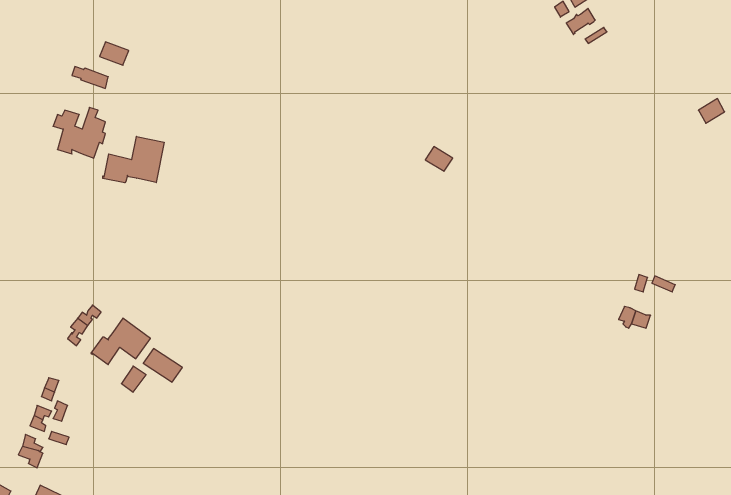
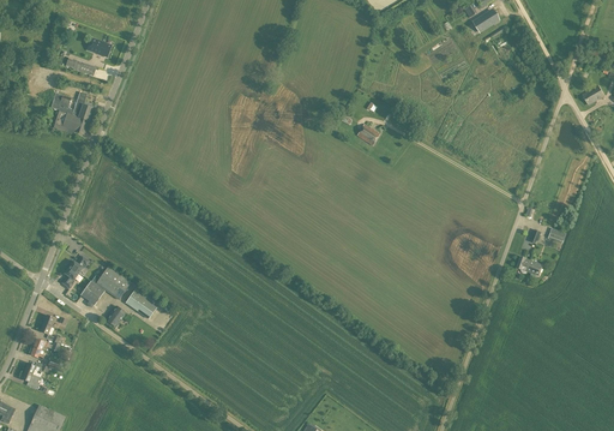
building: [103,136,164,183] -> none

